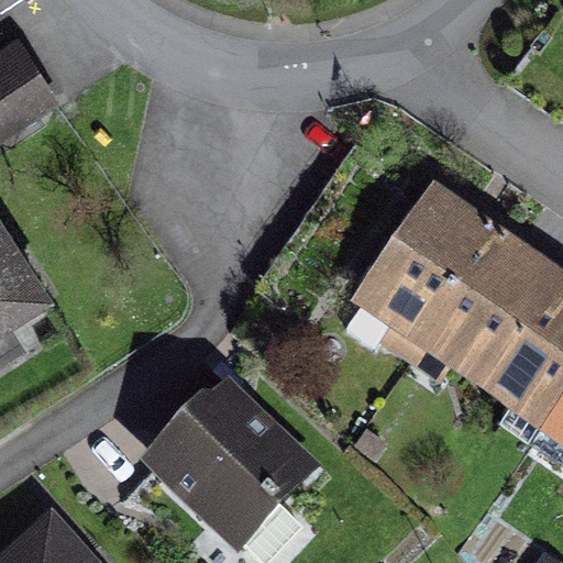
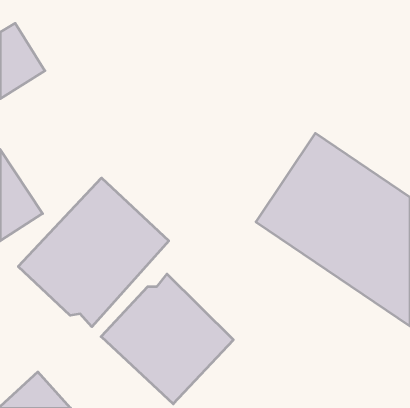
building: none -> [18,178,169,327]

